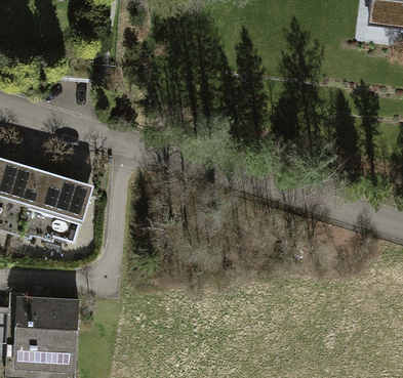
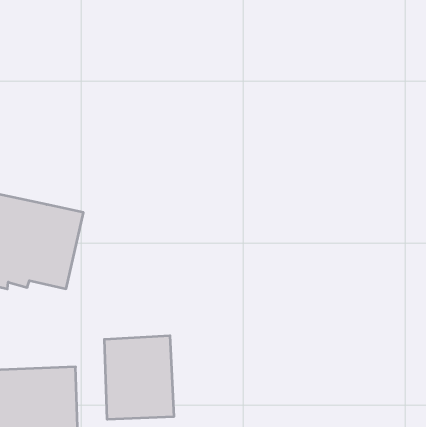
building: none -> [104,336,174,419]

